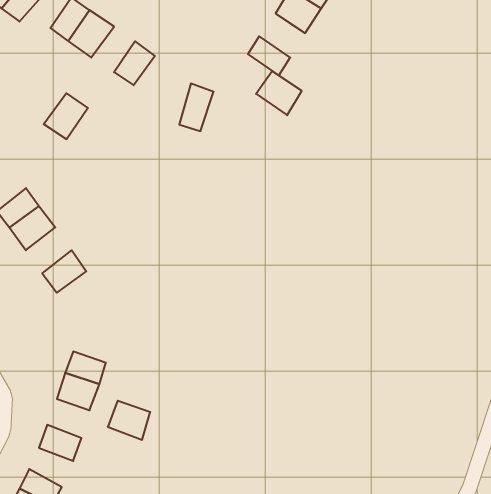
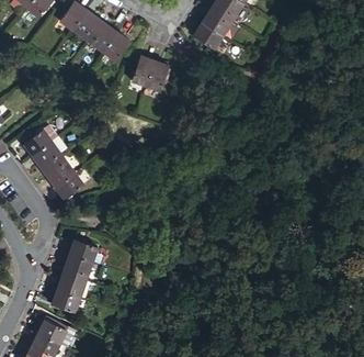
building: [256,71,302,115] -> [200,11,230,41]
building: none -> [130,54,153,86]
building: [44,93,88,139] -> [87,20,116,51]
building: none -> [43,155,73,186]
building: [108,401,150,440] -> [57,270,86,297]

